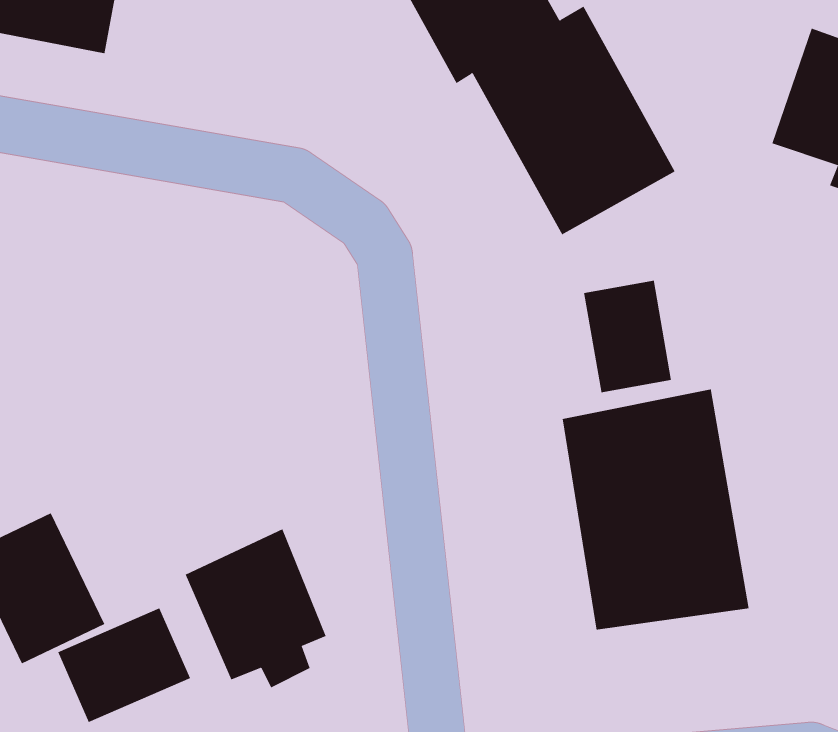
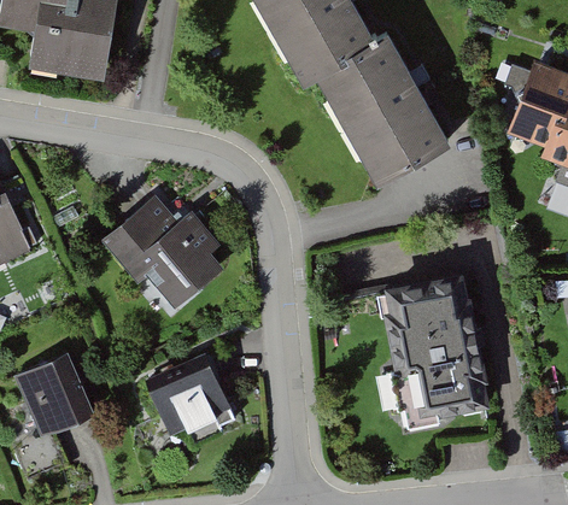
building: none -> [106,187,235,301]
building: [584,280,672,393] -> none
building: [57,608,191,723] -> none

